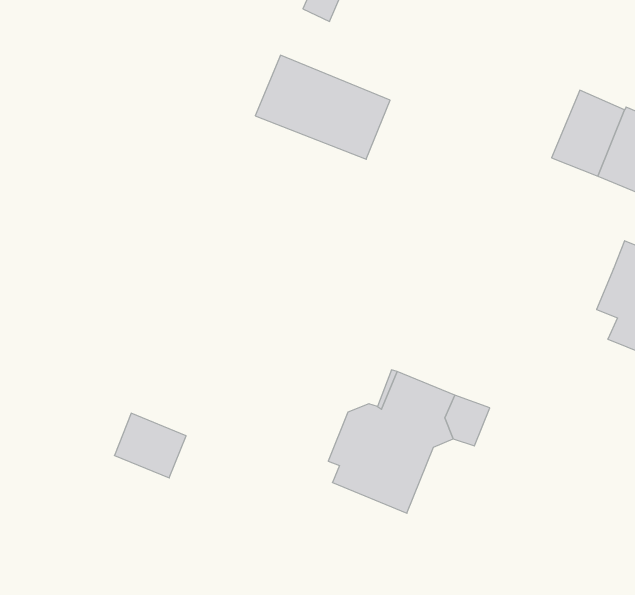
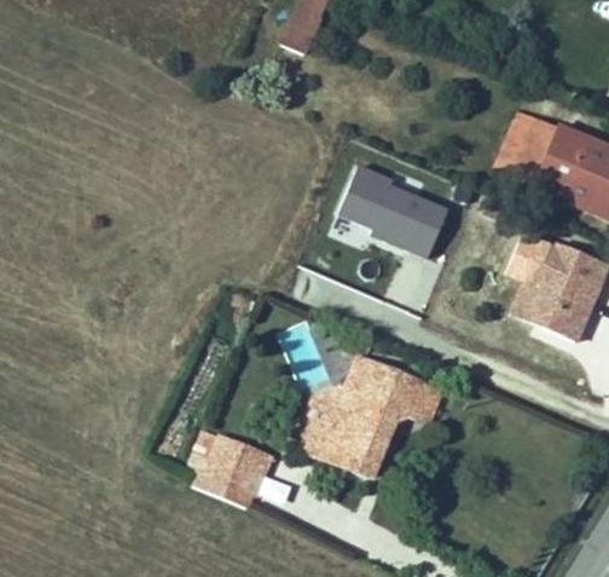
building: [255,55,390,159] -> [334,163,450,253]
building: none -> [510,259,552,327]
building: [114,413,186,478] -> [205,435,267,491]

